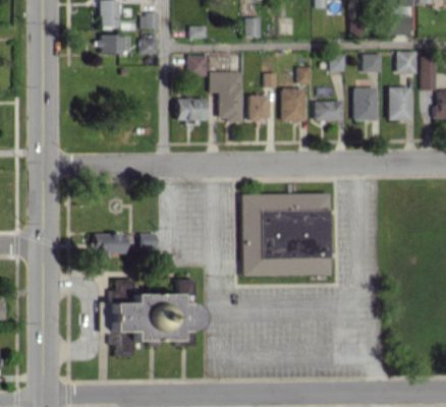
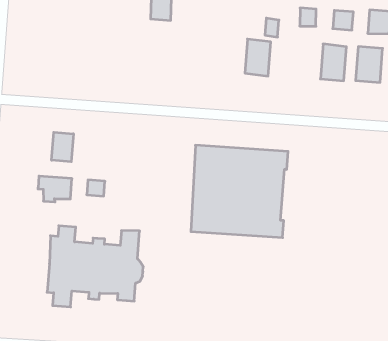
building: [210,72,242,121] -> none
building: [249,96,270,120] -> none
building: [176,99,206,124] -> none
building: [315,101,343,121] -> none
building: none -> [52,132,73,162]

